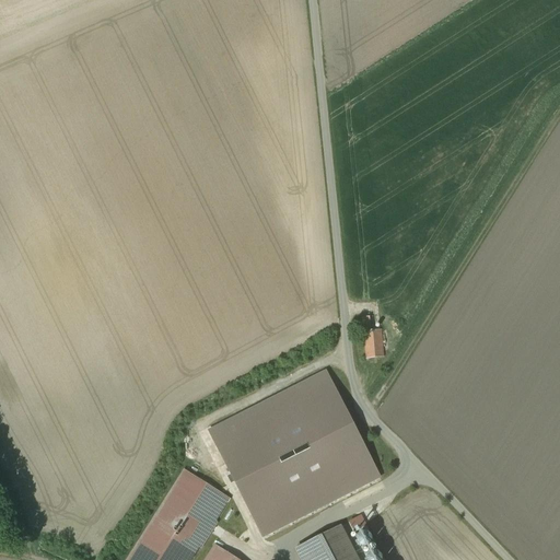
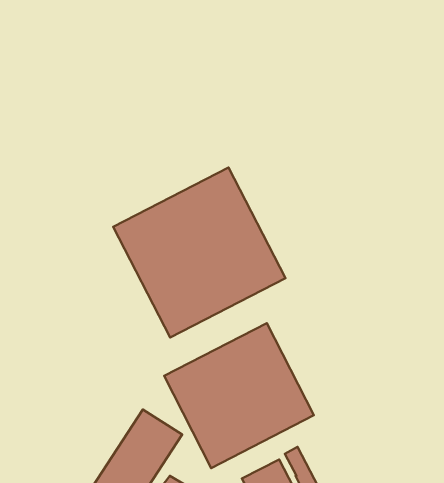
building: none -> [113,168,286,337]
building: [363,329,384,358] -> none

